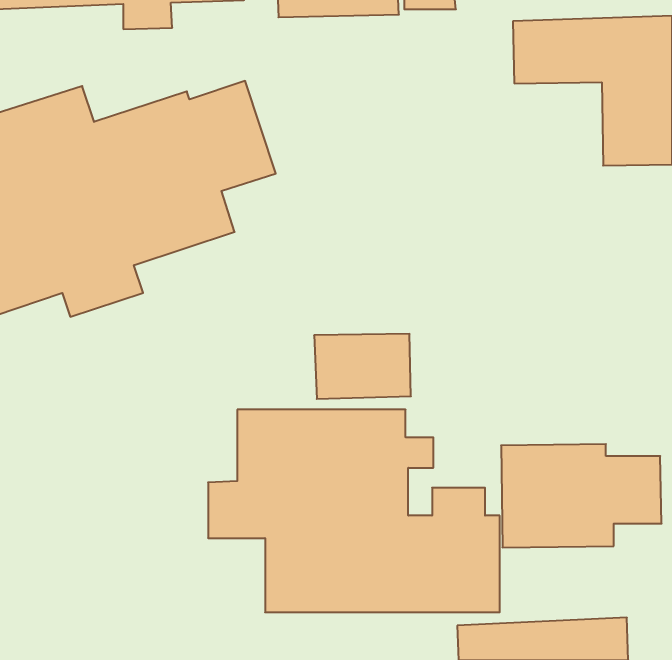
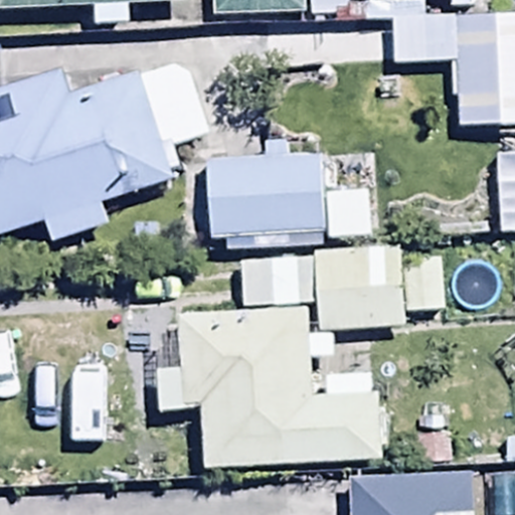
building: none -> [205,139,370,245]
building: [501,444,662,547] -> [319,248,441,327]

